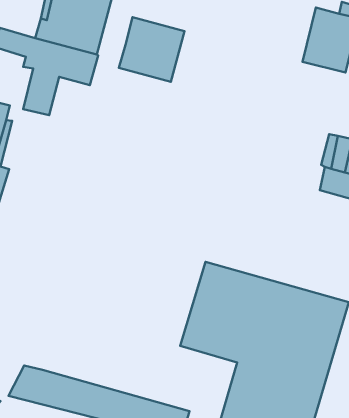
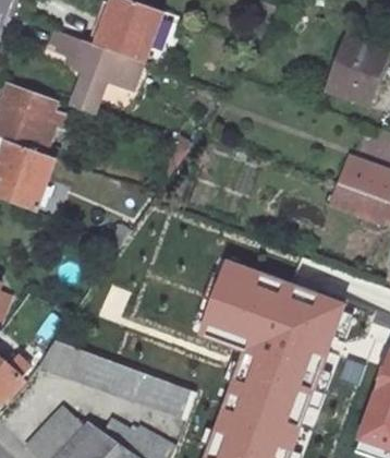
building: [119,17,184,82] -> none

